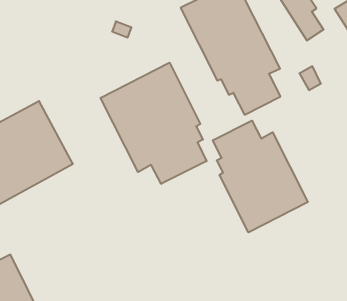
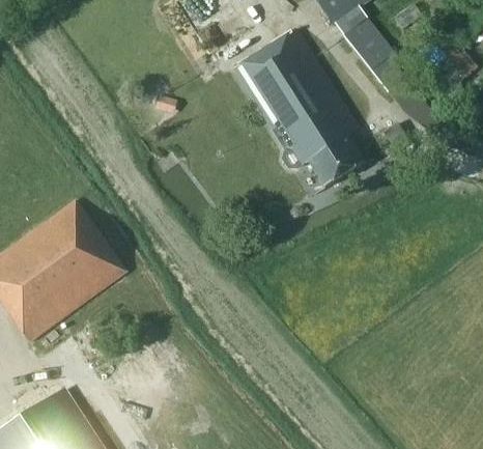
building: [101,63,207,184] -> none
building: [213,121,308,232] -> none

